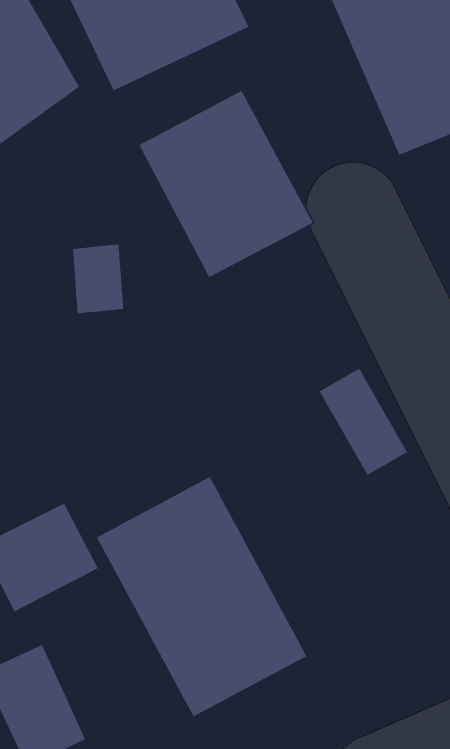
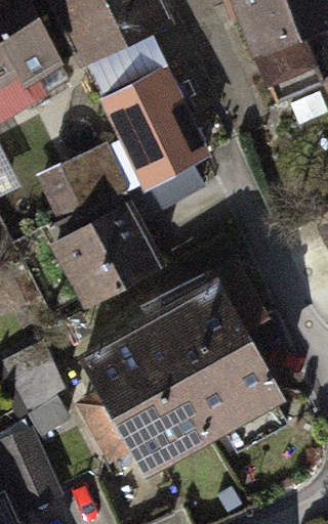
building: none -> [49,204,168,312]
building: none -> [147,281,285,439]

